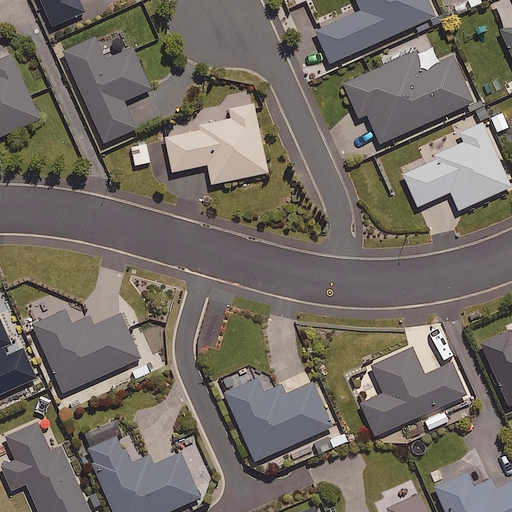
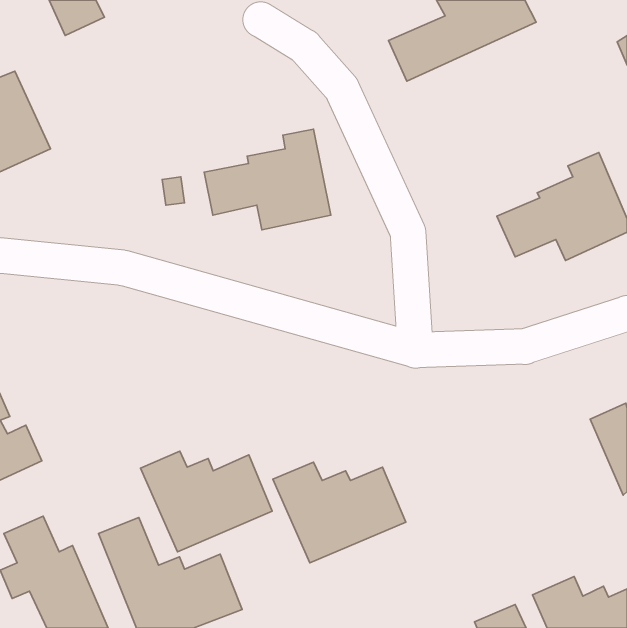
building: [65,41,152,146] -> none
building: [345,54,476,149] -> none
building: [31,308,138,390] -> [141,451,272,552]
building: [359,345,464,433] -> none

